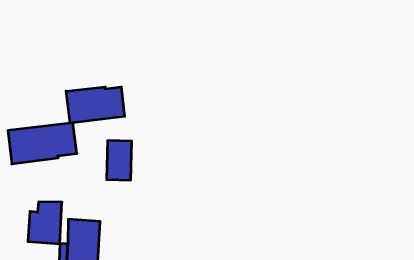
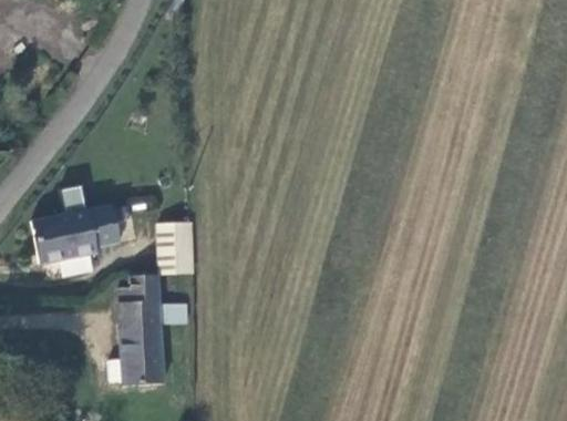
building: [66,87,125,123] -> none
building: [28,202,62,244] -> [118,273,161,327]

